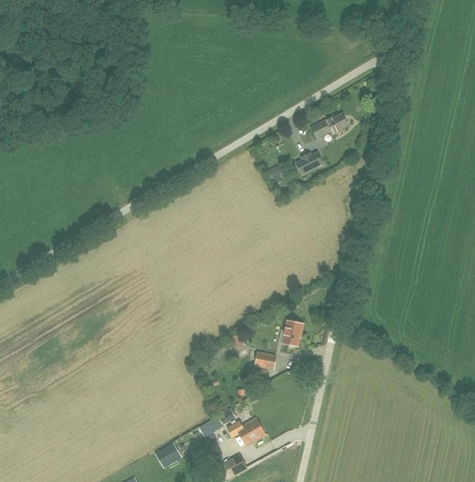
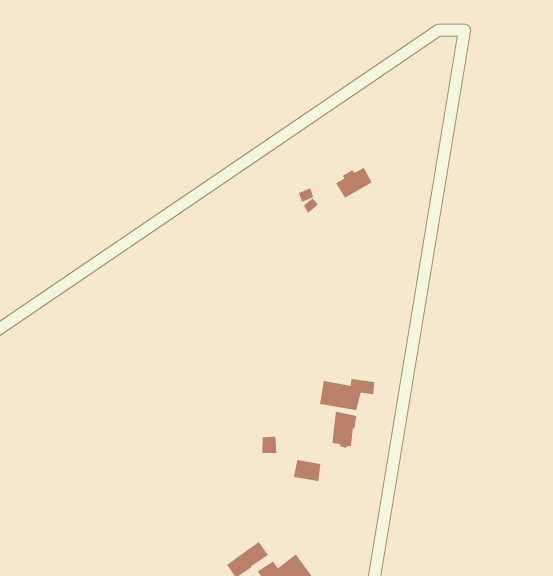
building: [312,112,348,137] -> none
building: none -> [320,378,375,411]

